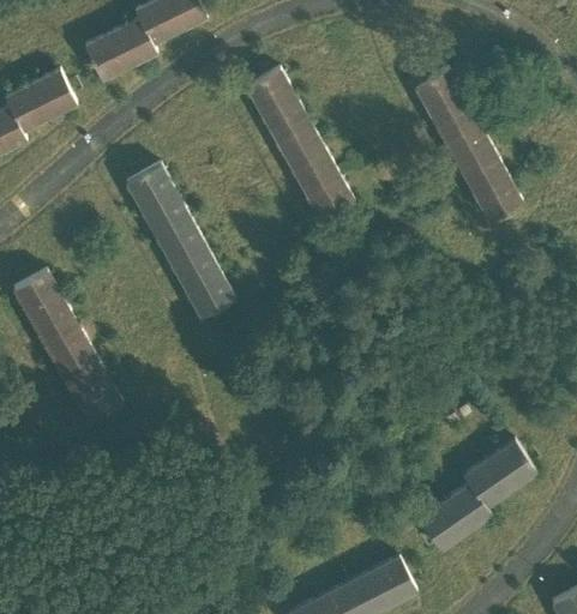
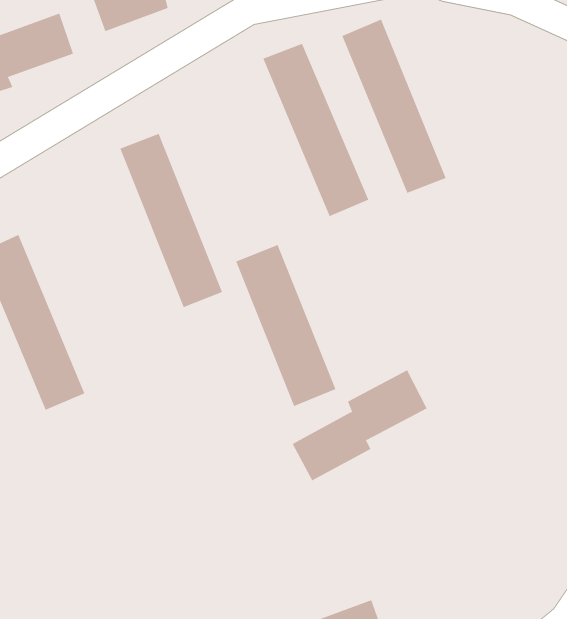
building: [415,70,523,222] -> [342,19,447,194]
building: none -> [235,244,336,407]
building: [421,440,537,549] -> [292,369,427,481]

